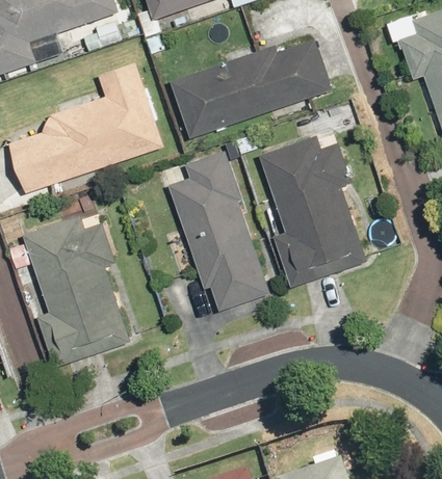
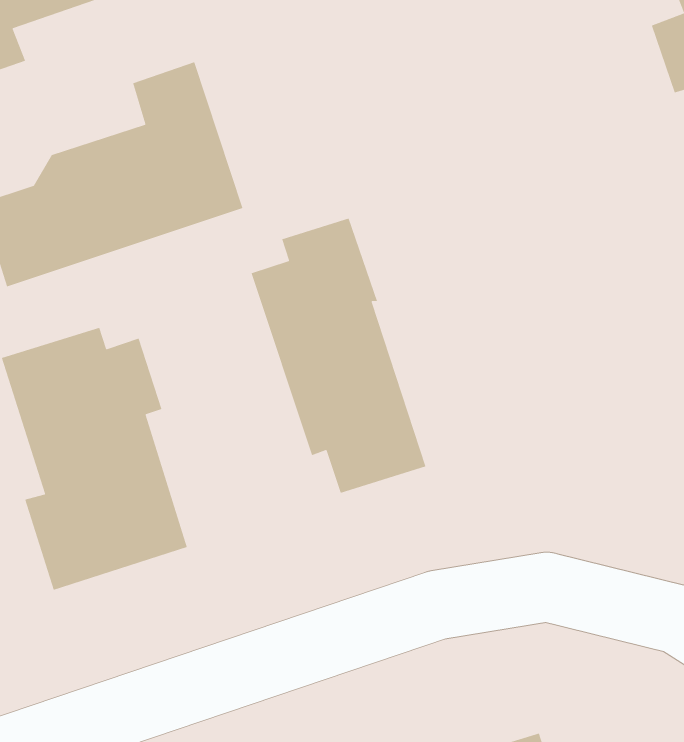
building: [171,37,331,136] -> none
building: [257,133,367,288] -> none

